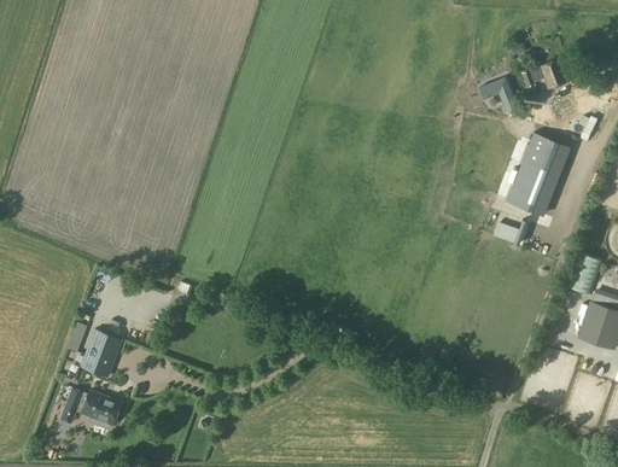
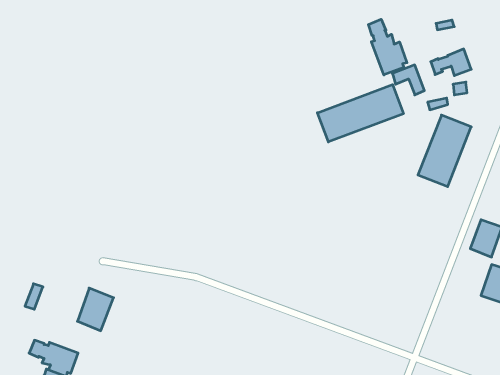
building: none -> [368,19,407,75]
building: none -> [317,85,403,142]
building: [81,329,122,378] -> [77,288,114,331]

